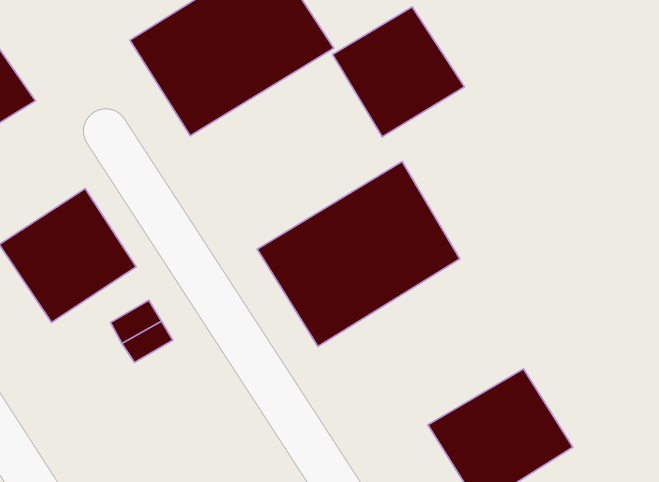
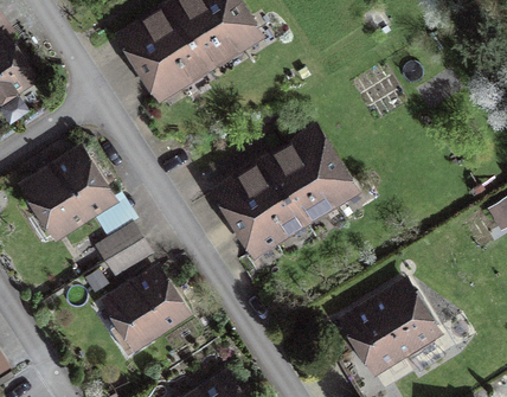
building: [333,7,465,137] -> none
building: none -> [98,263,190,356]

